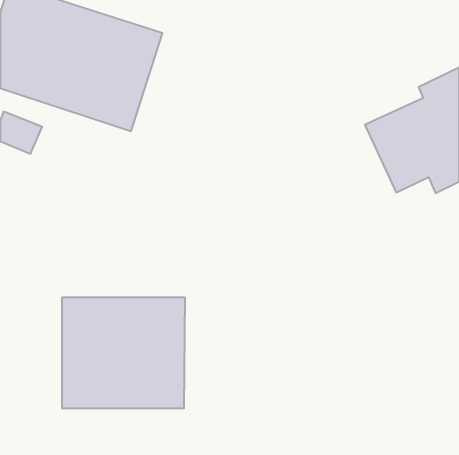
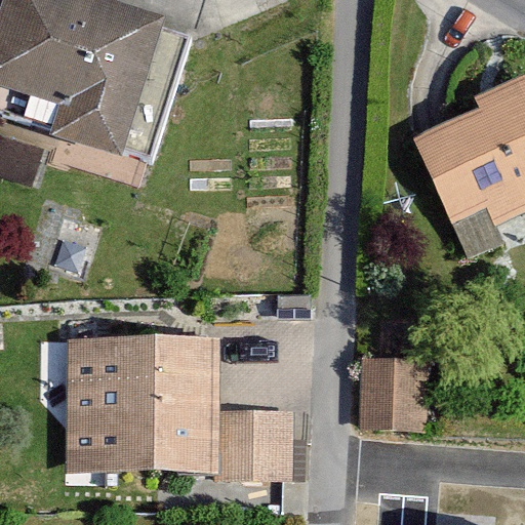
building: none -> [359,364,426,429]
building: none -> [224,409,289,474]

